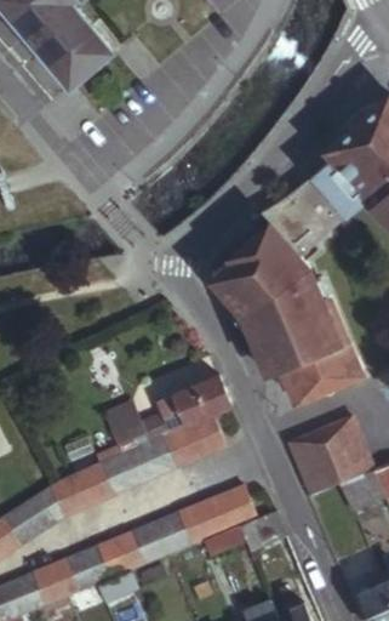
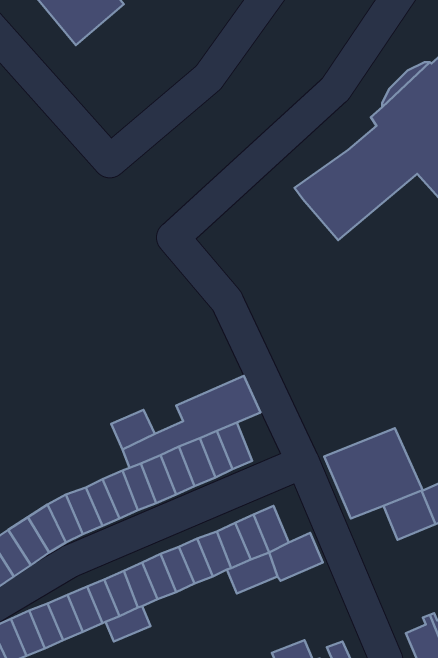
building: [213,221,360,400] -> none

